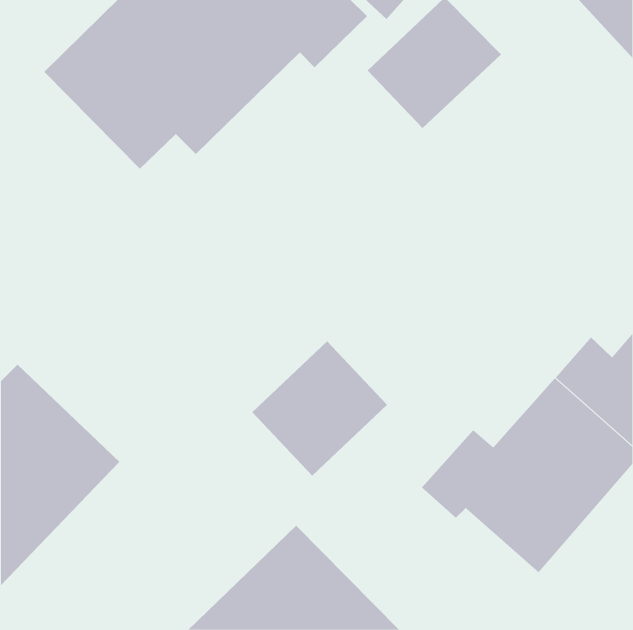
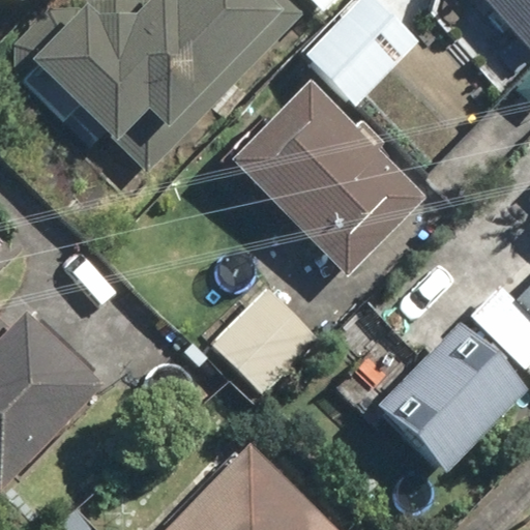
building: none -> [226,77,430,279]

